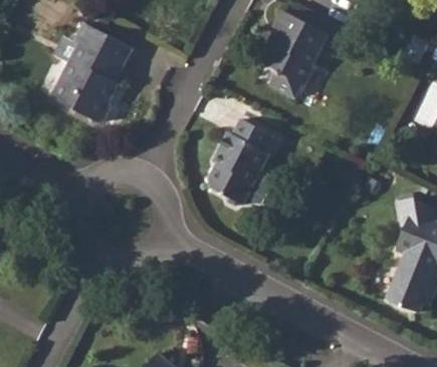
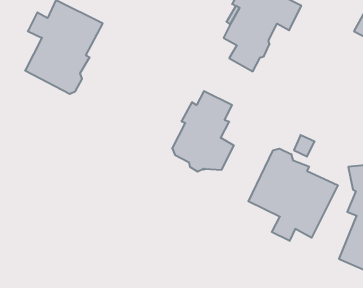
building: none -> [248,149,338,241]

